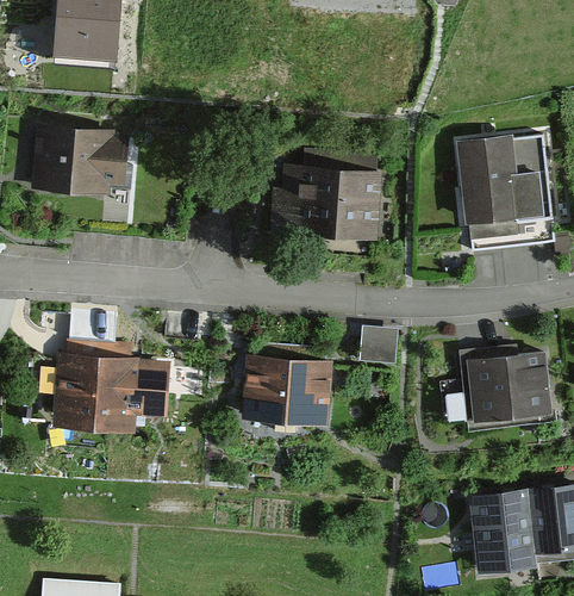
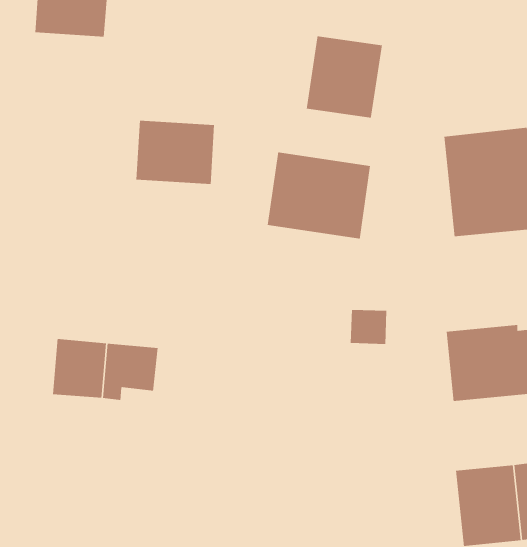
building: none -> [306,36,382,118]
building: [33,131,114,197] -> [136,120,215,184]
building: [242,340,333,421] -> none

